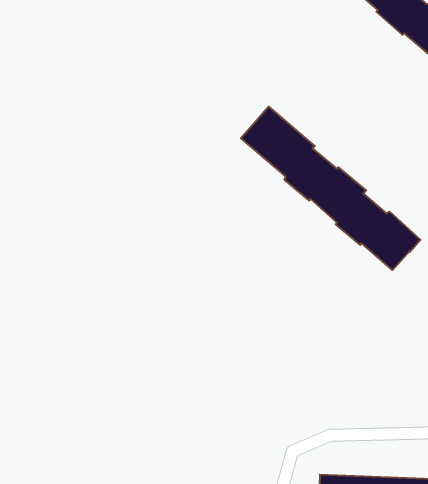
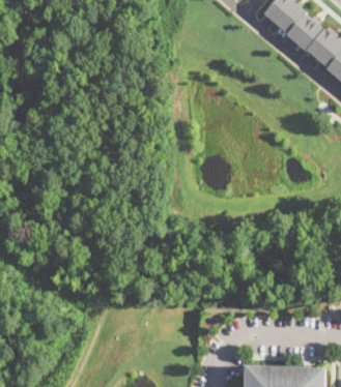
building: [241,107,420,270] -> none

